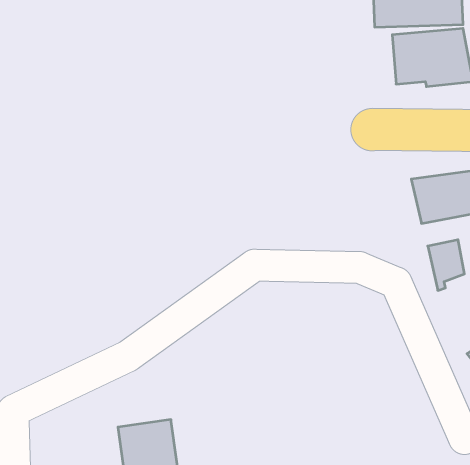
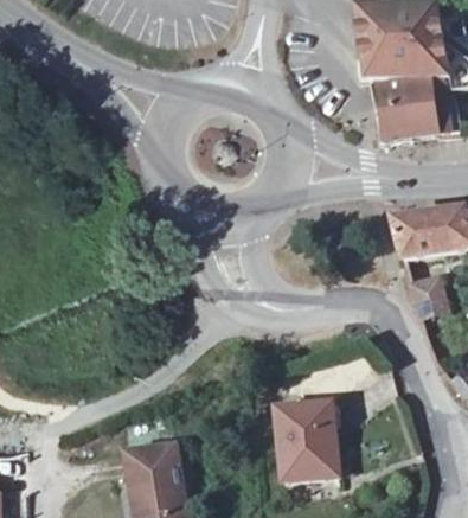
building: none -> [265,401,332,479]

